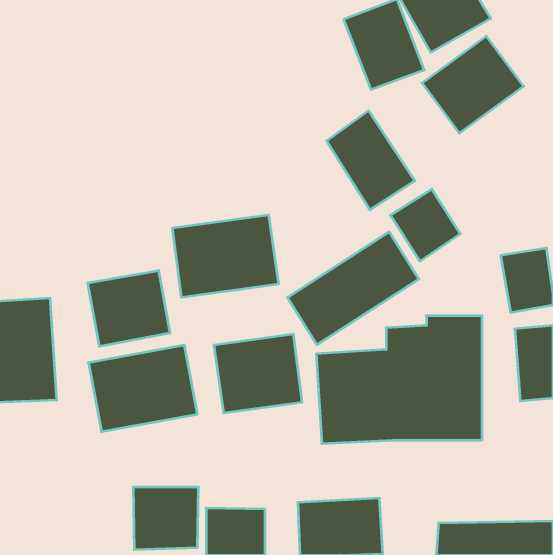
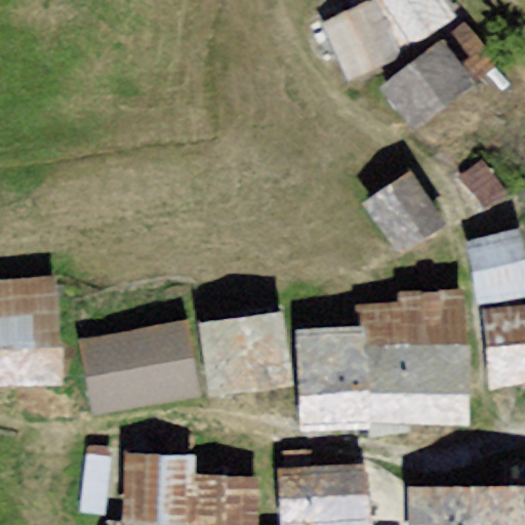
building: [327,111,415,210] -> none
building: [173,215,278,297] -> none
building: [287,232,419,345] -> none
building: [88,270,170,346] -> none

